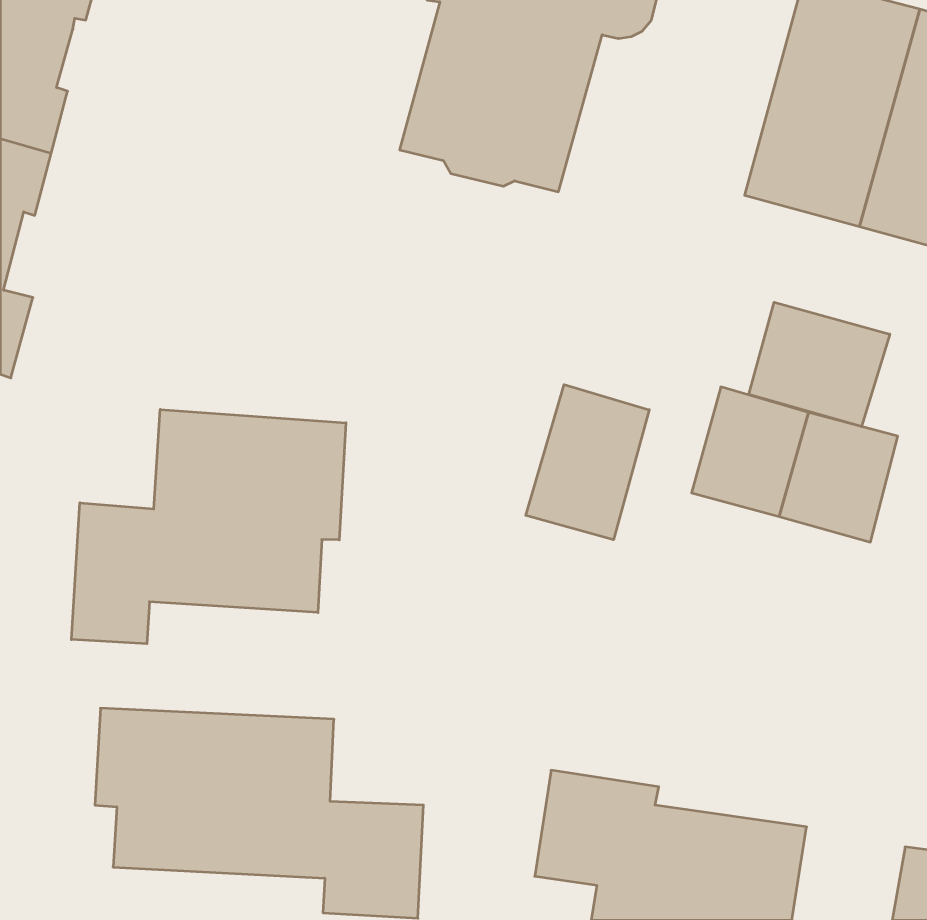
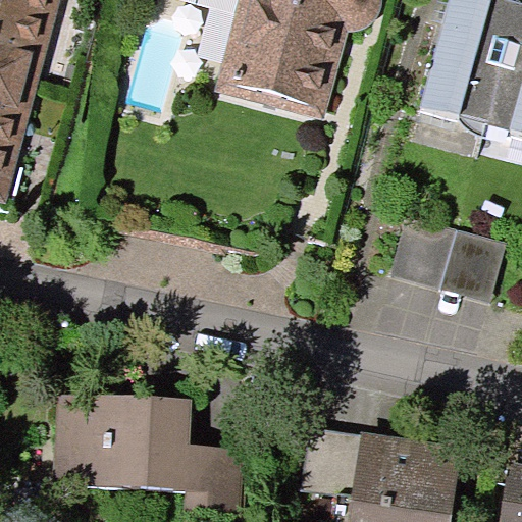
building: [749,302,890,427] -> none
building: [526,385,649,540] -> none
building: [71,409,346,644] -> none

